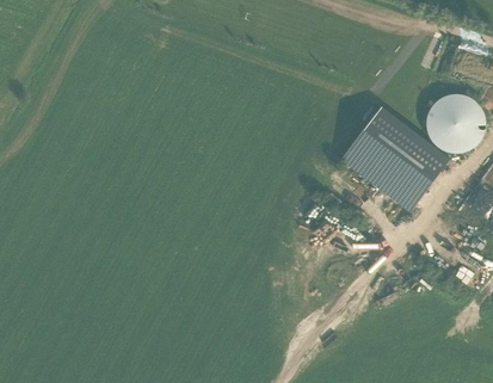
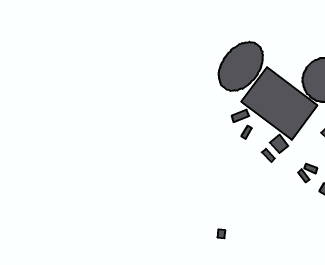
building: none -> [219,42,263,91]

